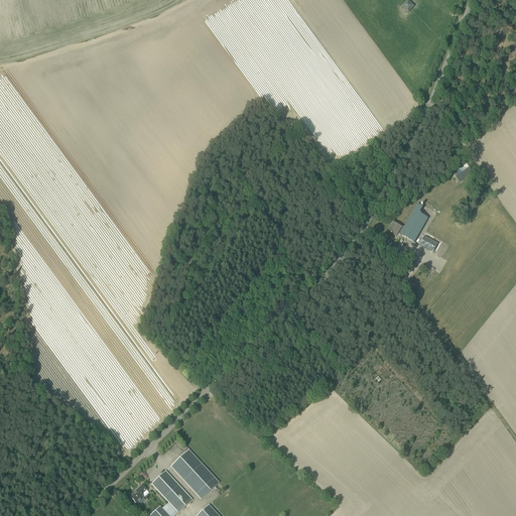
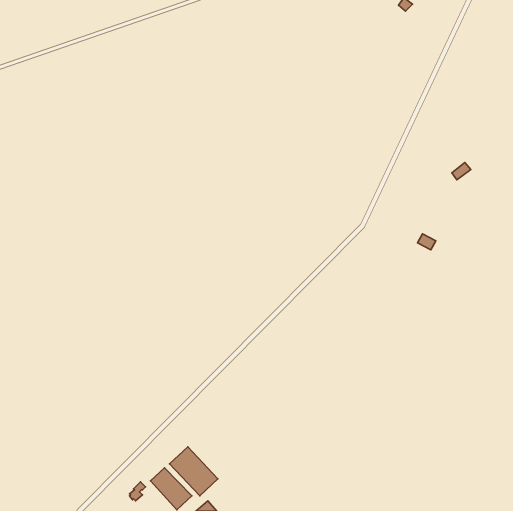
building: [388,209,427,241] -> none

